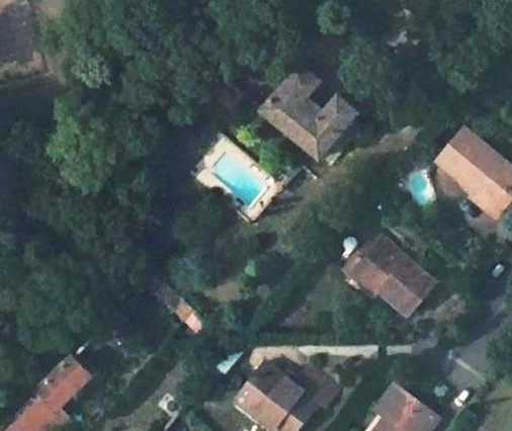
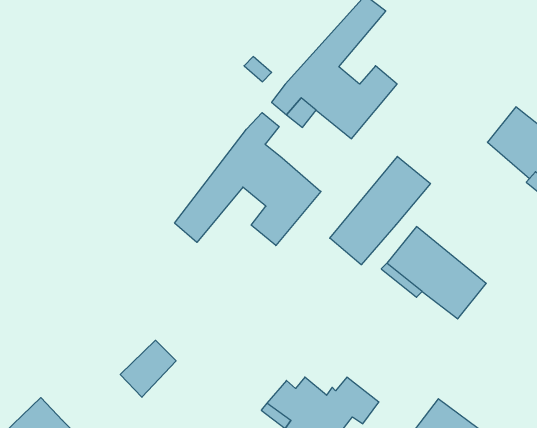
building: none -> [175,113,321,246]
building: none -> [330,156,430,265]
building: [39,356,89,407] -> [120,340,176,397]

